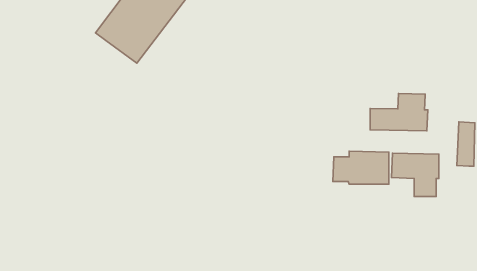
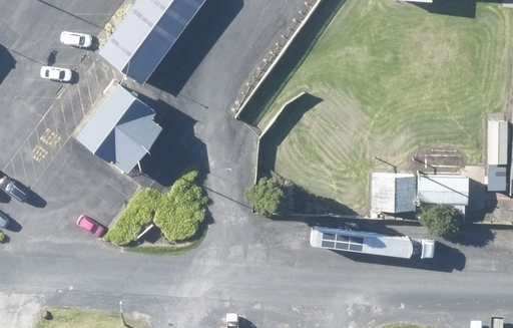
building: none -> [75,82,159,172]
building: [370,93,428,131] -> none

